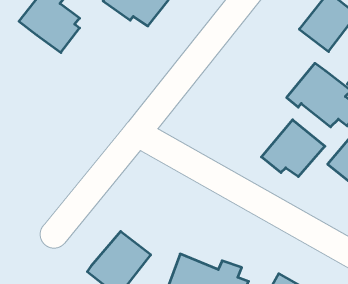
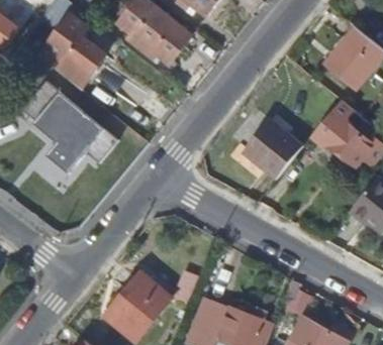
building: none -> [26,87,117,178]
building: [261,120,325,177] -> [235,115,301,174]

